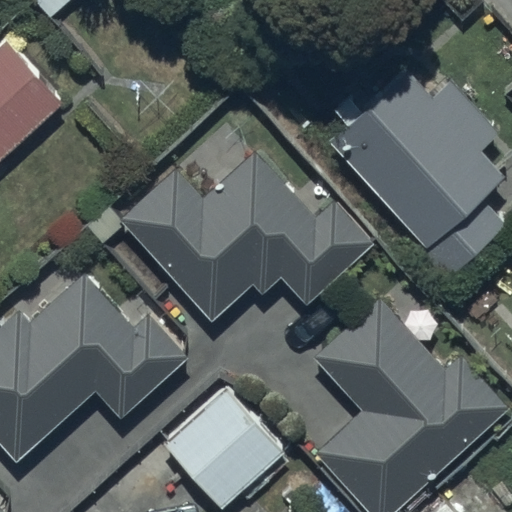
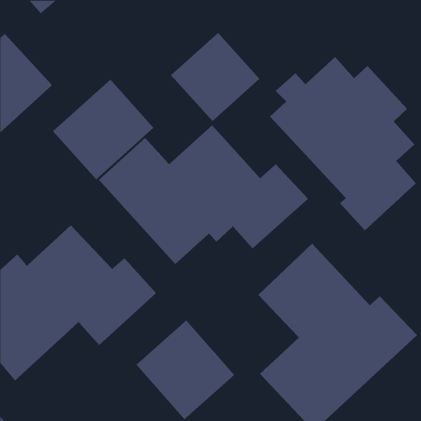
building: none -> [170,32,260,122]
building: none -> [52,79,154,180]

